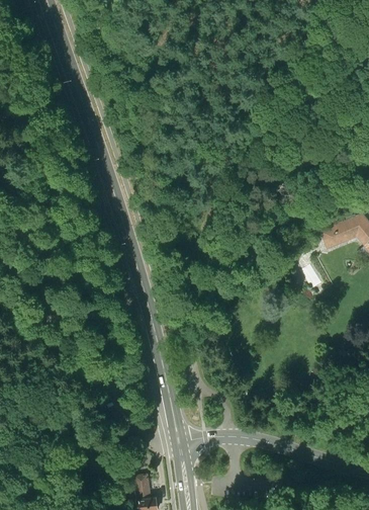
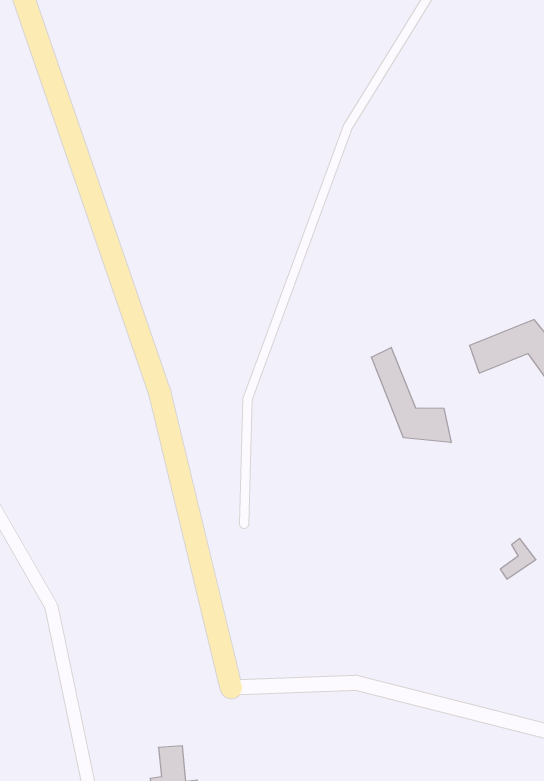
building: none -> [371,347,451,443]

